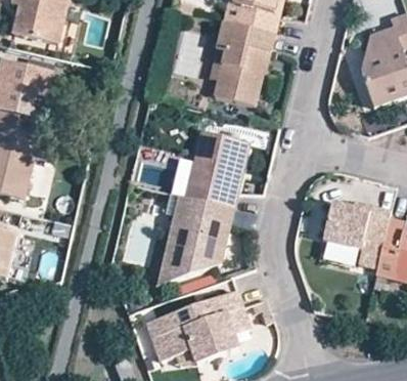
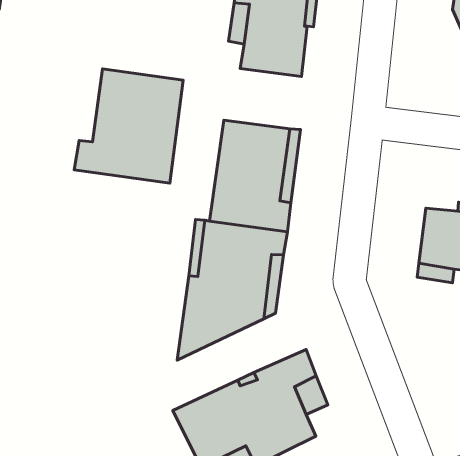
building: none -> [74,69,183,183]

